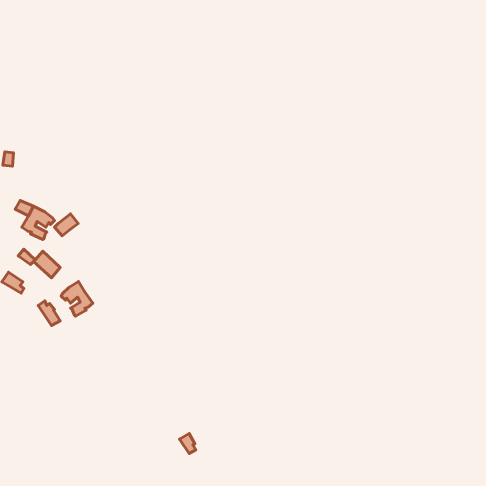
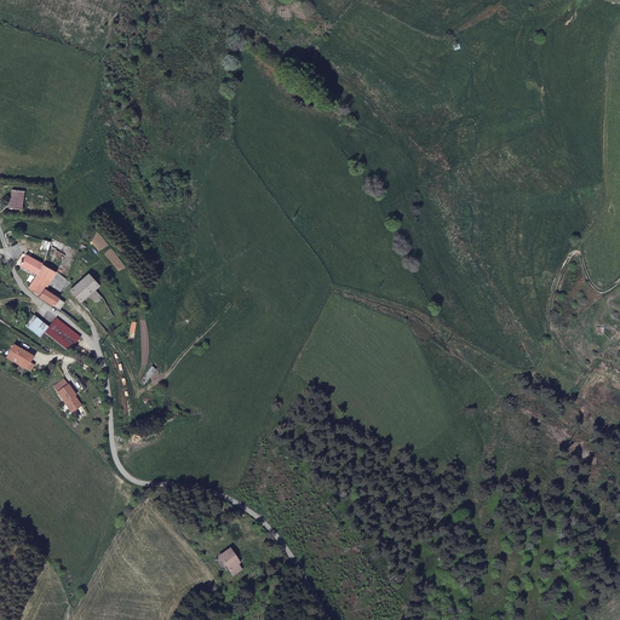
building: [61,282,93,316] -> none

